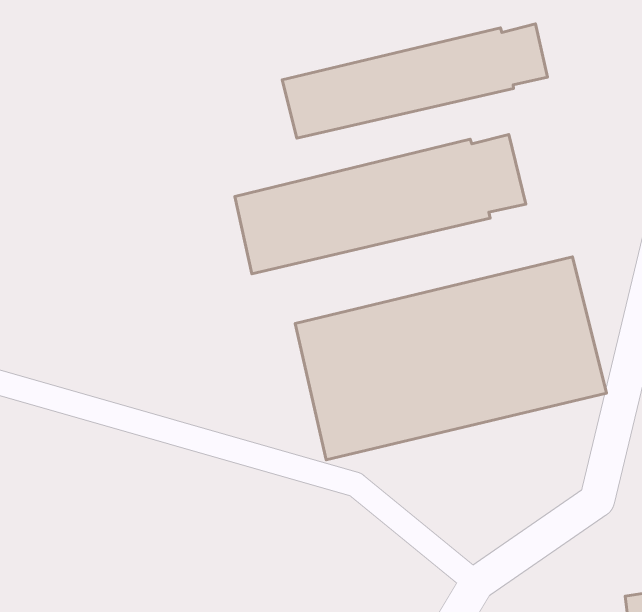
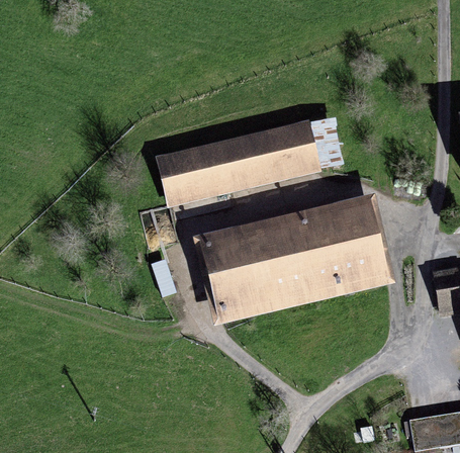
building: [282,24,547,138] -> none

